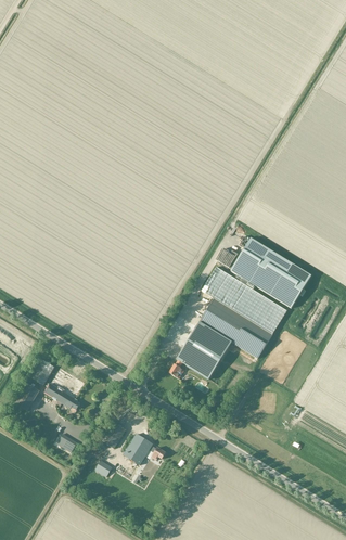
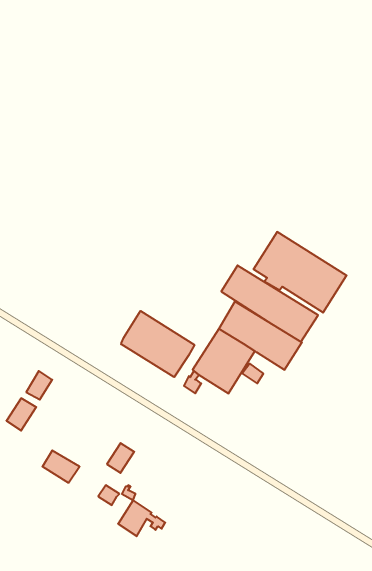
building: none -> [121,311,194,377]
building: [44,367,85,412] -> none
building: [124,433,165,464] -> [118,500,165,536]

